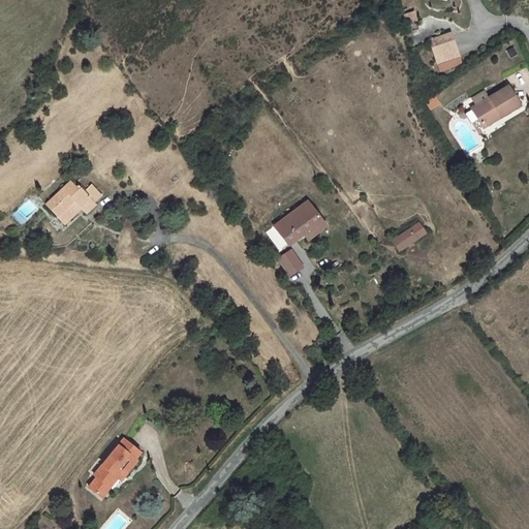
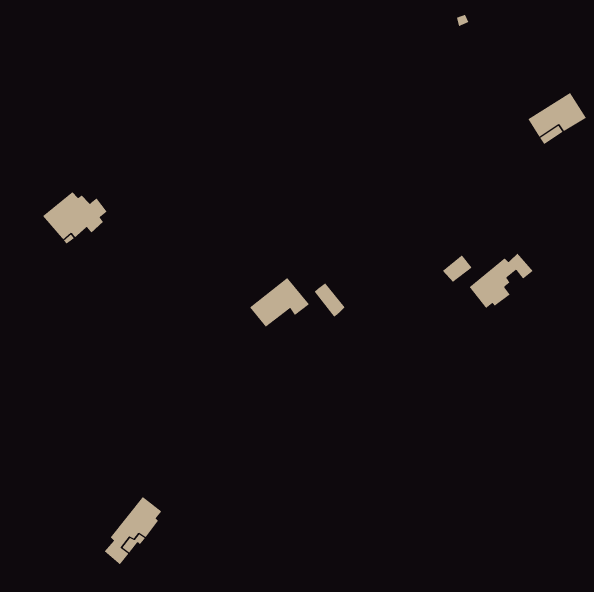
building: [430,34,461,66] -> none
building: [275,200,329,245] -> [249,277,310,327]
building: none -> [469,253,533,309]

